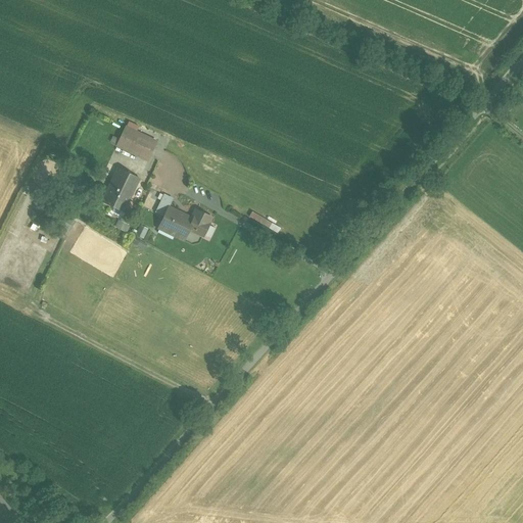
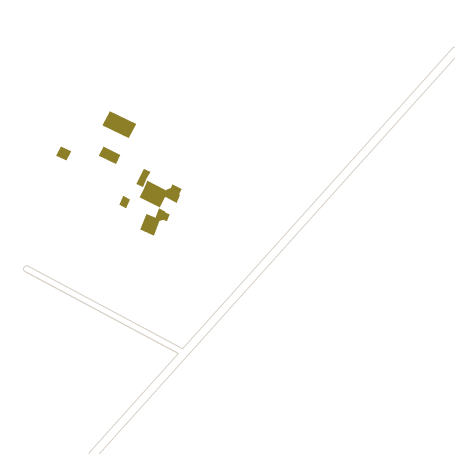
building: [102,179,134,211] -> none
building: none -> [139,208,170,237]

